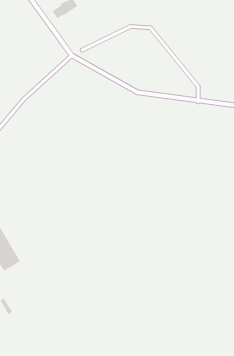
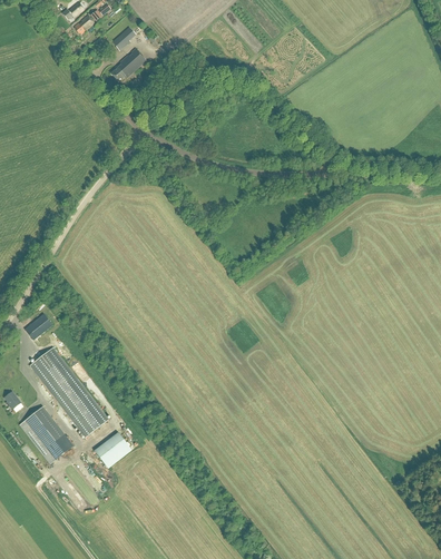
building: none -> [94,430,133,467]

